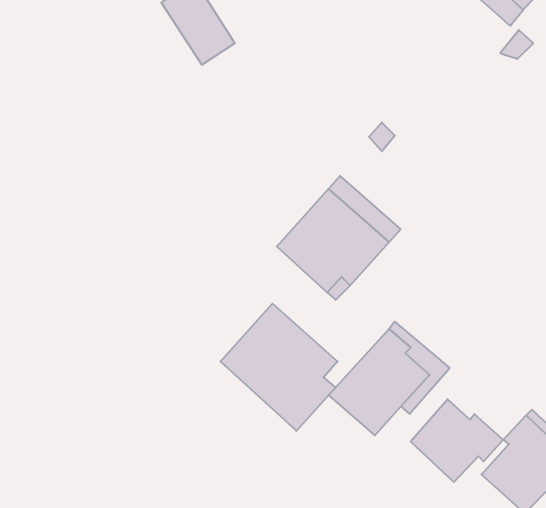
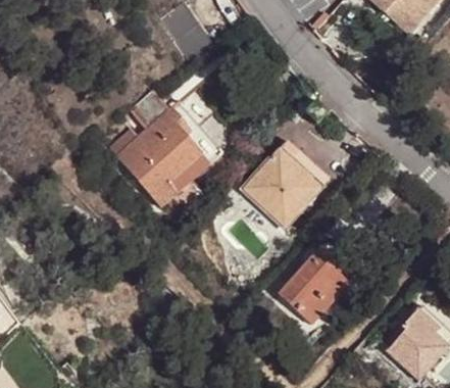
building: none -> [109,92,221,206]
building: [220,304,338,431] -> none
building: [411,399,503,482] -> none

